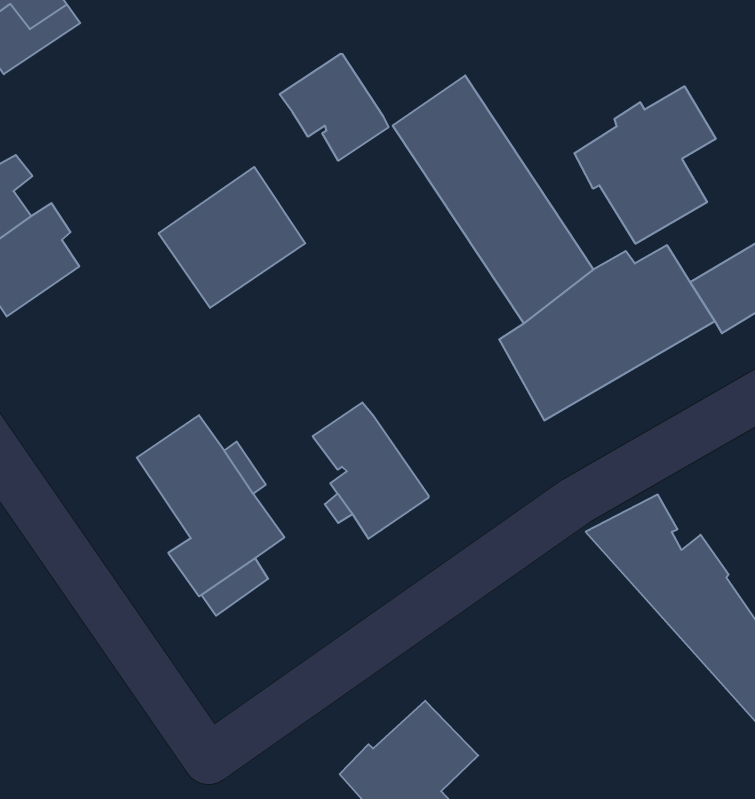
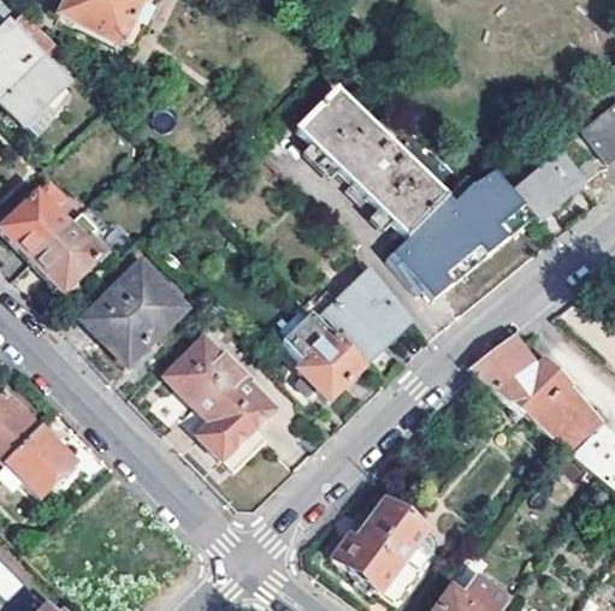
building: [280,54,388,161] -> none
building: [574,86,716,244] -> none
building: [159,167,305,308] -> [85,263,183,361]
building: none -> [315,267,408,362]

